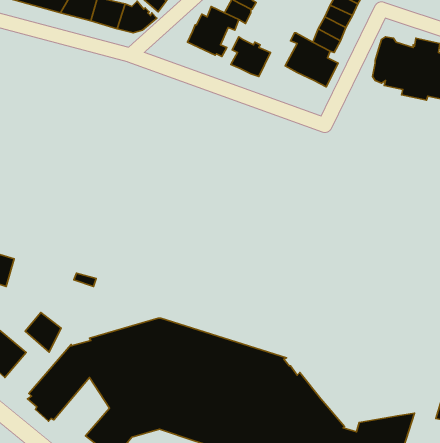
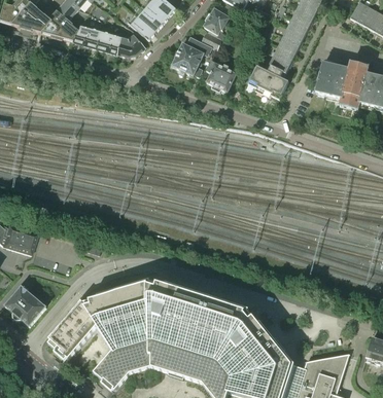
building: [25,313,61,352] -> none

